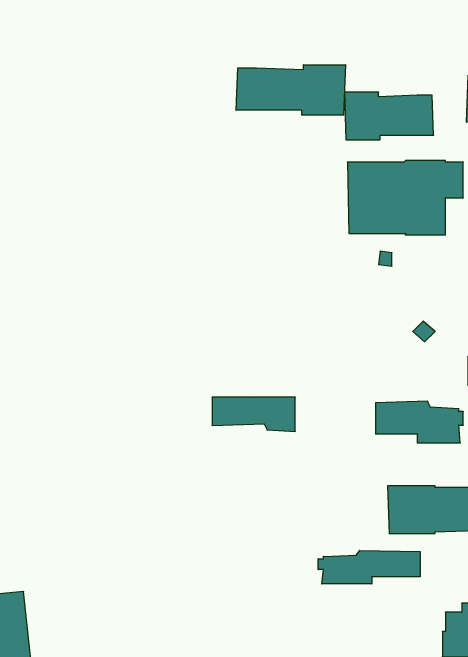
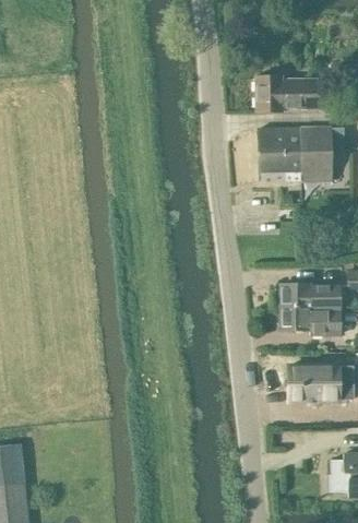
building: [236,65,345,115] -> none
building: [212,397,295,431] -> [279,284,341,309]
building: [318,550,420,584] -> none

